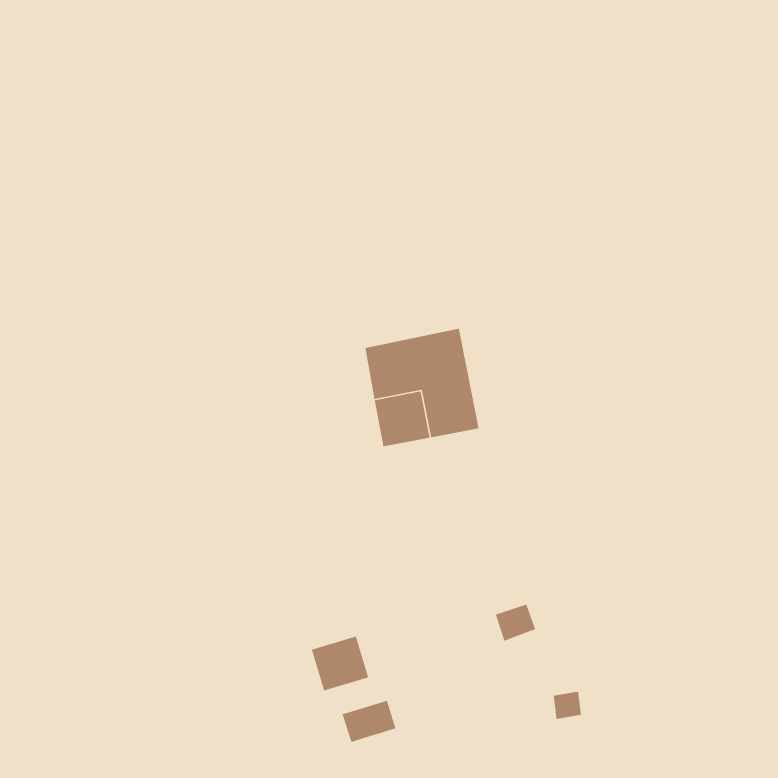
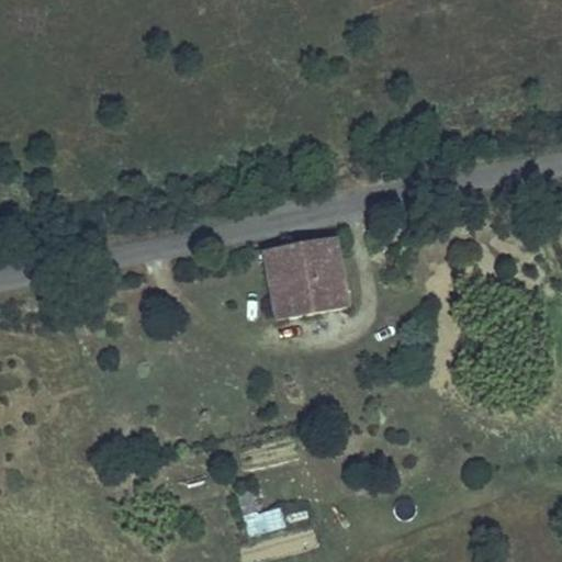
building: [311,636,369,692] -> none

